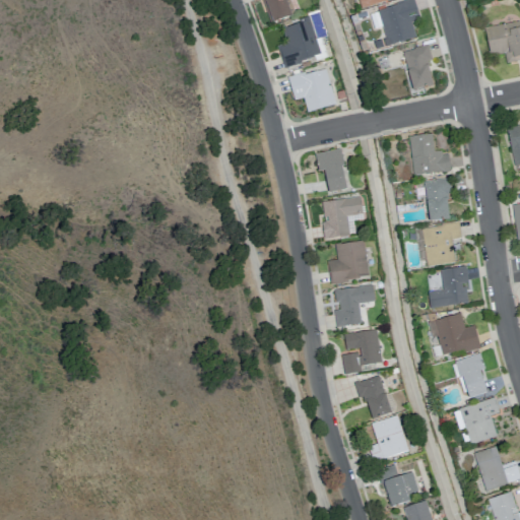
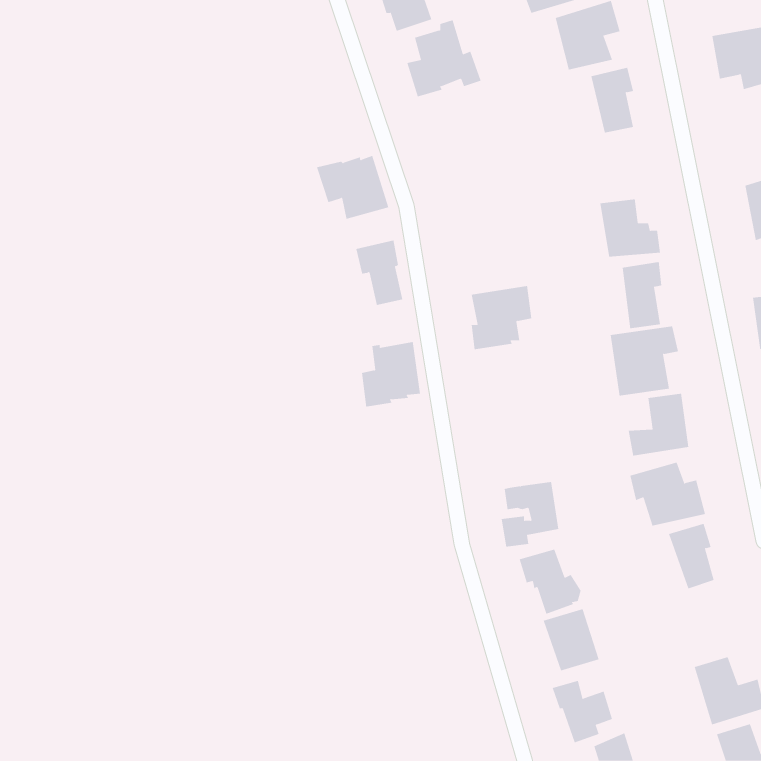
building: [287,66,337,110] -> [316,155,389,219]
building: [315,146,347,191] -> [355,240,403,306]
building: [328,238,369,282] -> [361,341,421,407]
building: [335,282,375,325] -> none
building: [460,398,501,442] -> none

